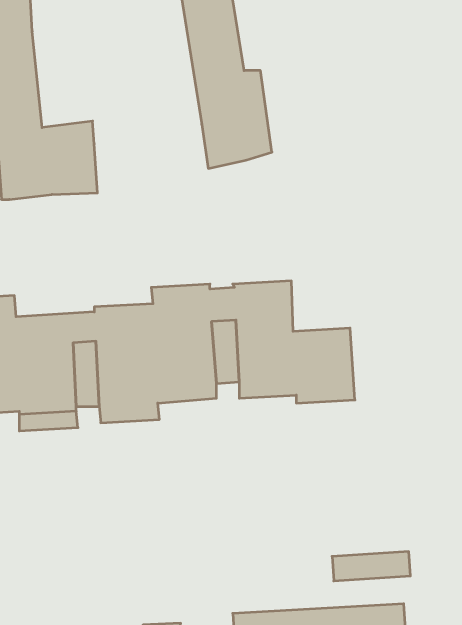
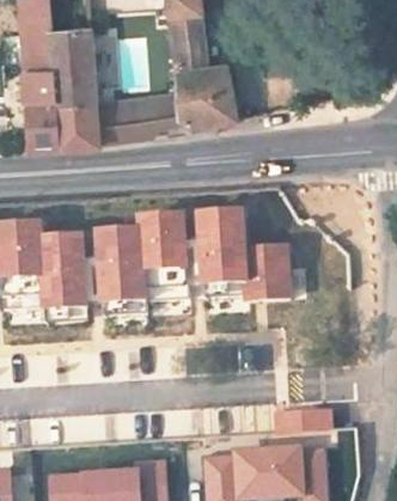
building: none -> [54,24,98,97]
building: none -> [99,94,183,145]

